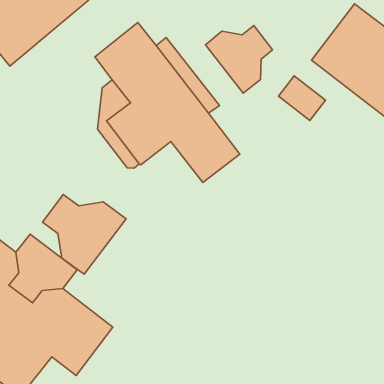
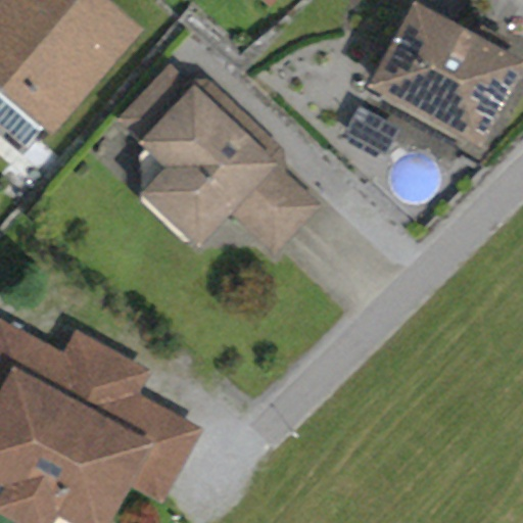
building: [205,25,273,93] -> none
building: [42,195,126,274] -> none

